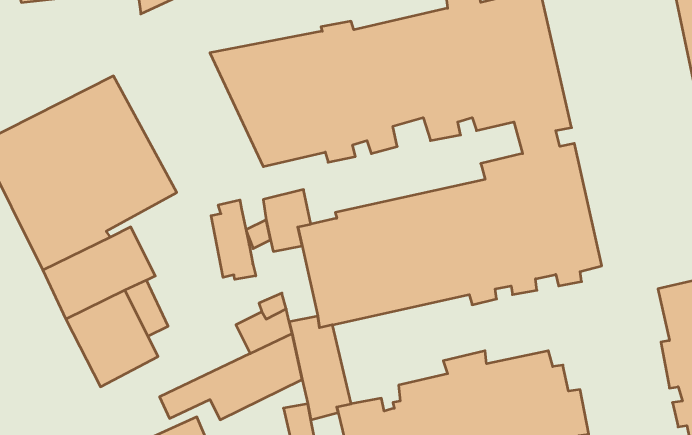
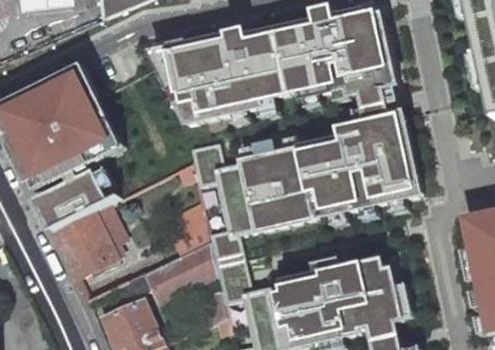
building: [211,200,256,279] -> none

